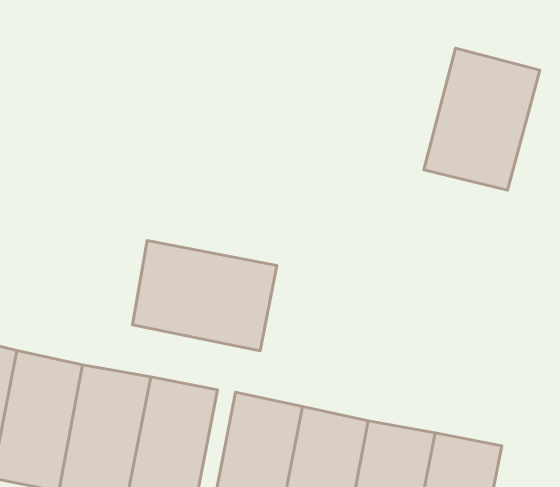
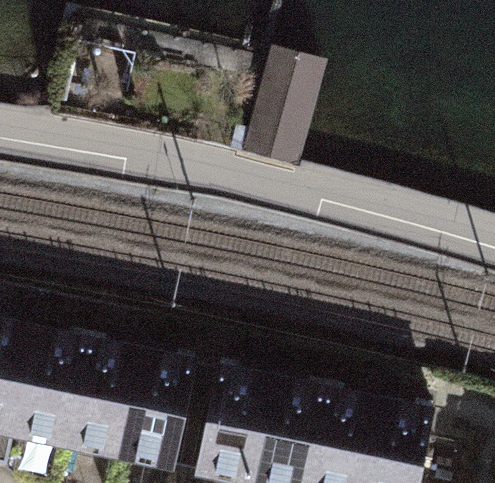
building: none -> [244,48,324,162]
building: [424,48,540,190] -> none
building: [132,240,277,351] -> none

